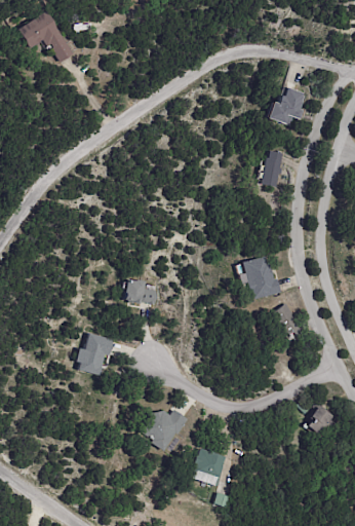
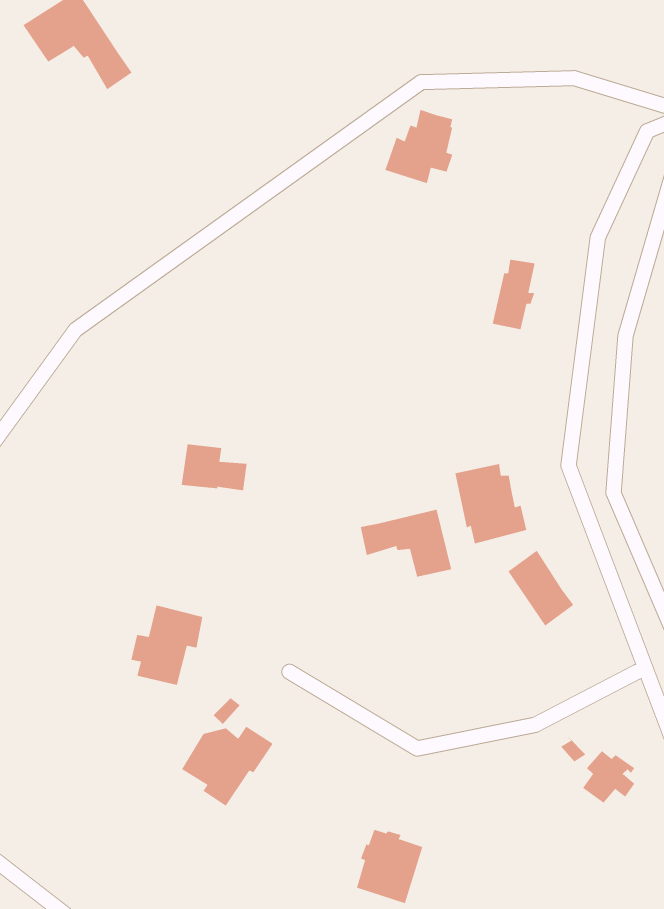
building: [270,86,306,125] -> [384,109,453,184]
building: [121,277,156,302] -> [181,444,248,491]
building: none -> [360,509,452,578]
building: [141,409,189,451] -> [181,726,273,807]

